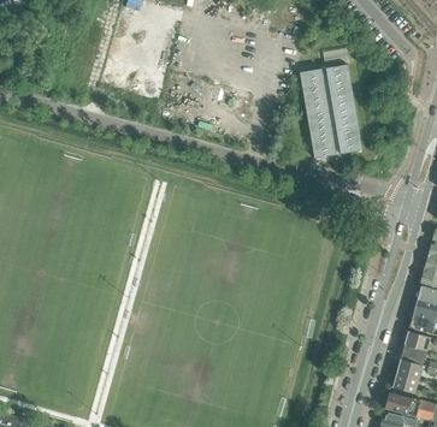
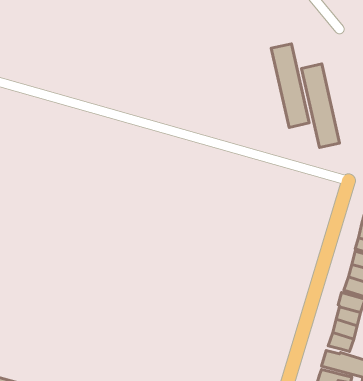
building: [303,67,344,158] -> [302,64,340,148]

